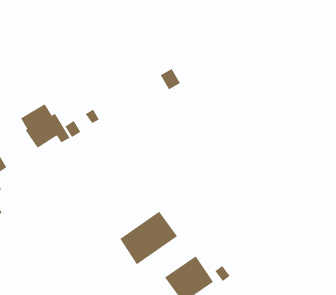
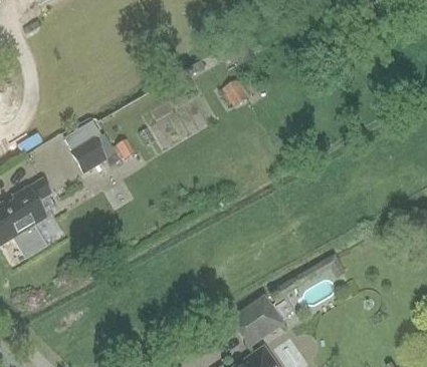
building: [119,211,178,265] -> none

